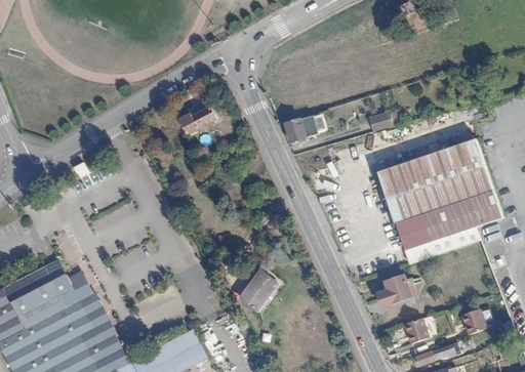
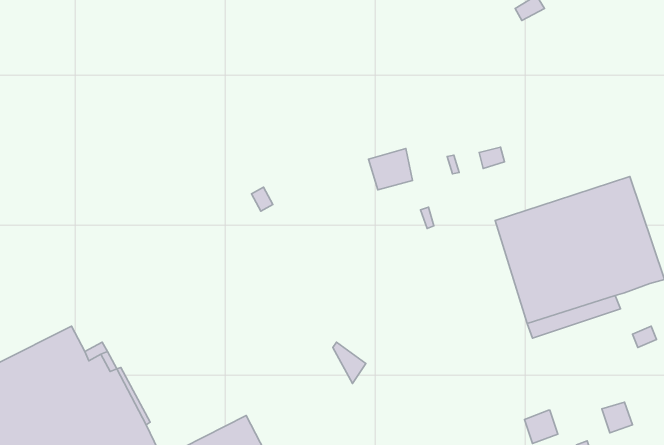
building: [178,110,215,136] -> none
building: [239,271,272,315] -> none
building: [377,277,412,308] -> none

